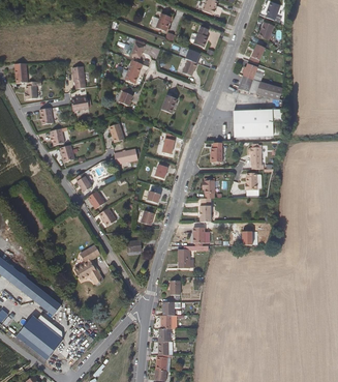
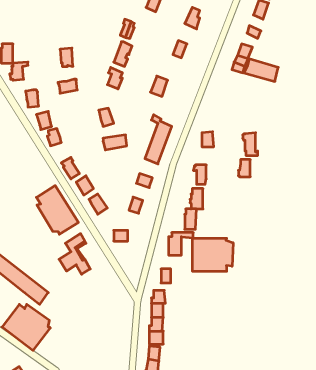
building: [234,109,273,137] -> none
building: none -> [36,186,78,234]
building: none -> [193,238,233,271]

